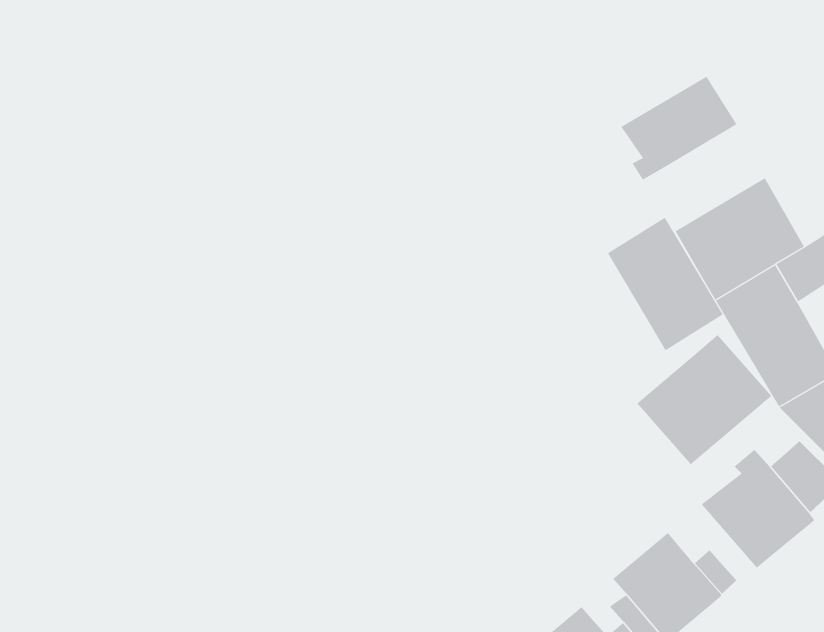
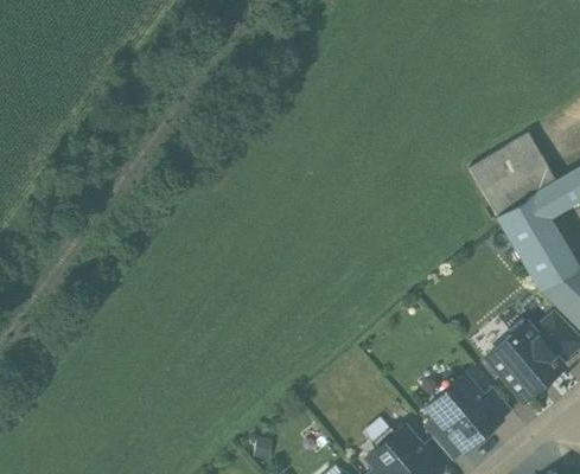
building: [621,76,737,181] -> none
building: [607,217,723,351] -> none
building: [636,334,772,465] -> none

